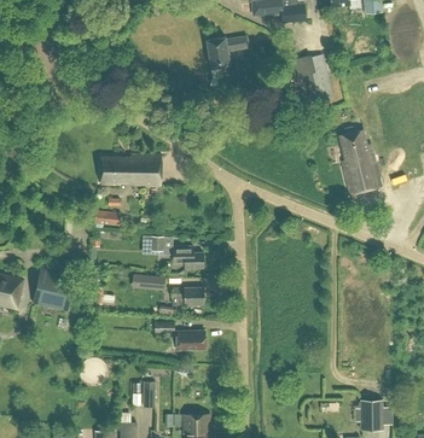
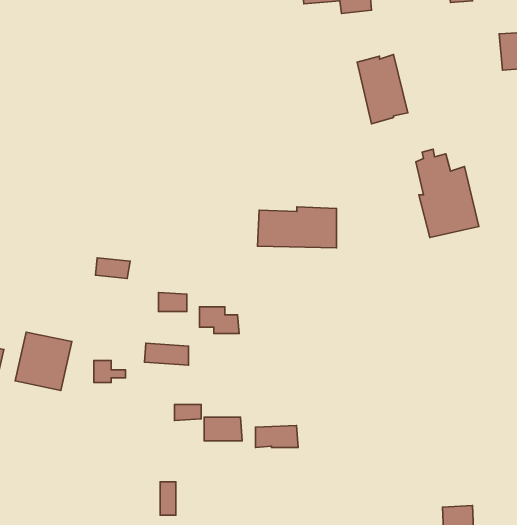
building: [205,36,248,69] -> none
building: [99,154,159,186] -> [257,207,336,248]
building: [172,288,204,305] -> [256,426,298,448]

